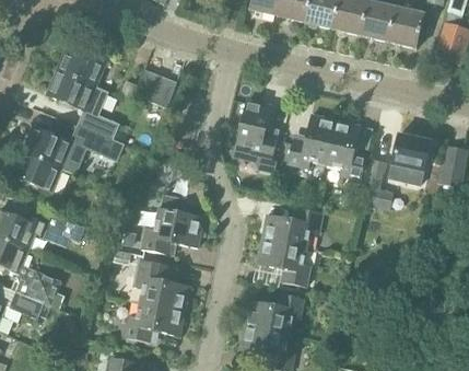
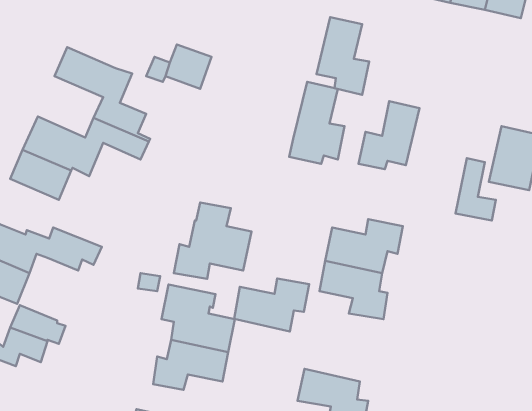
building: [58,45,109,92] -> none
building: [325,119,366,181] -> [316,17,369,95]
building: [245,293,304,335] -> [234,279,309,331]

